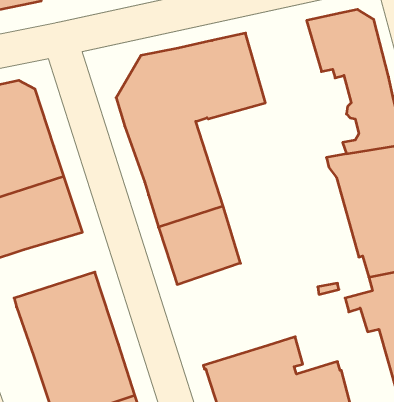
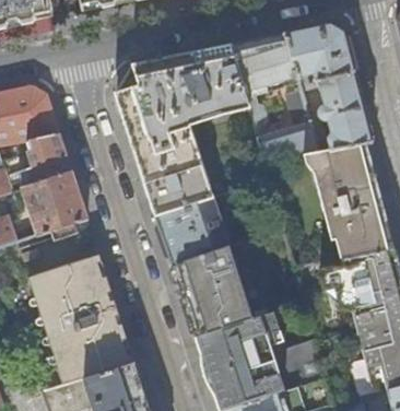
building: none -> [232,34,320,162]
building: none -> [172,247,251,337]

